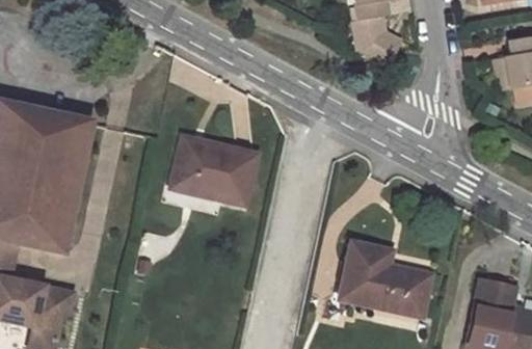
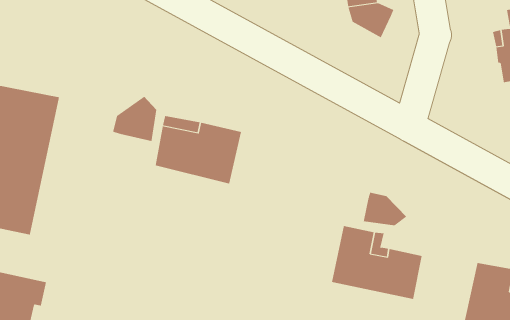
building: none -> [113,96,157,142]
building: none -> [363,192,407,226]

